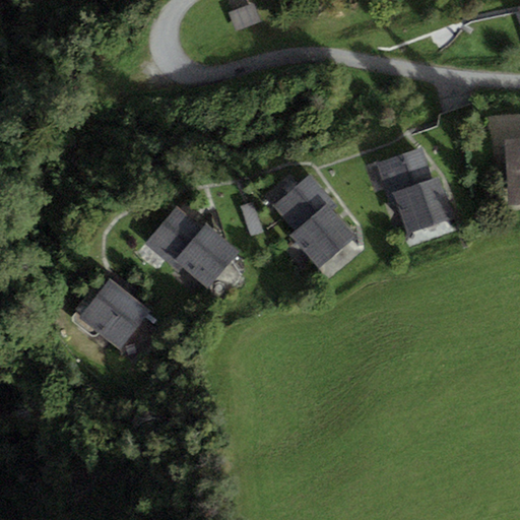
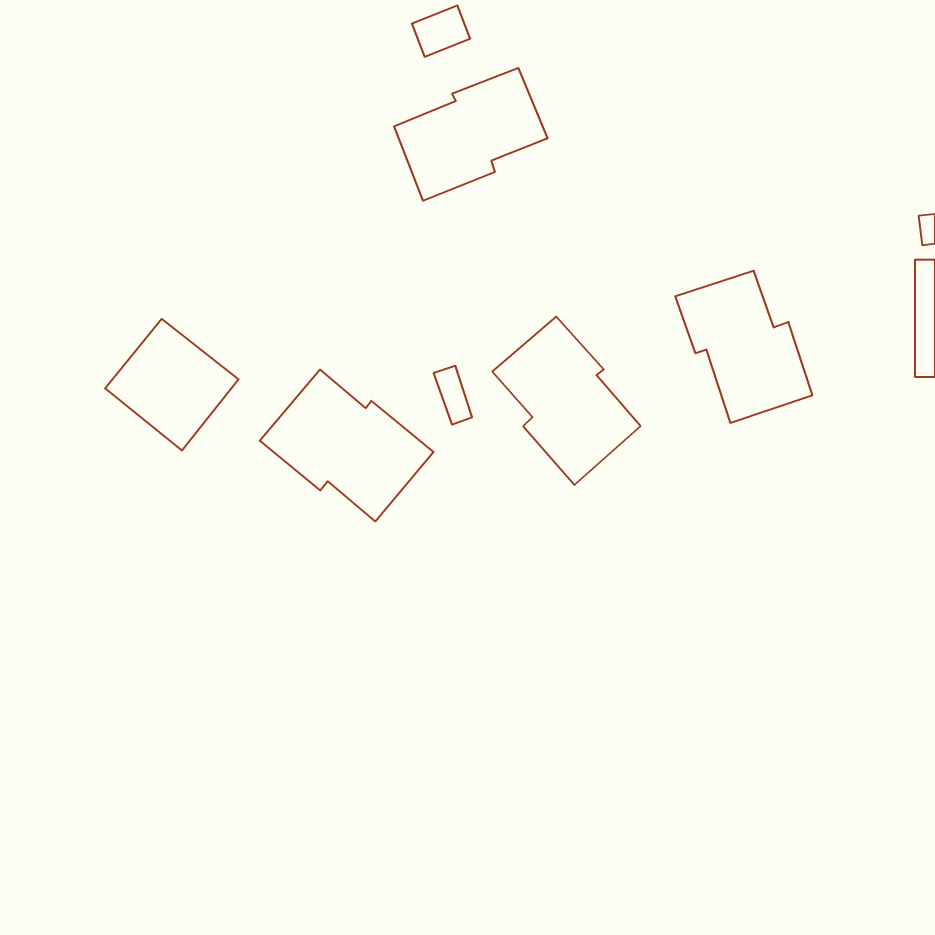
building: none -> [394,68,547,201]
building: [79,279,153,352] -> [105,319,239,451]

